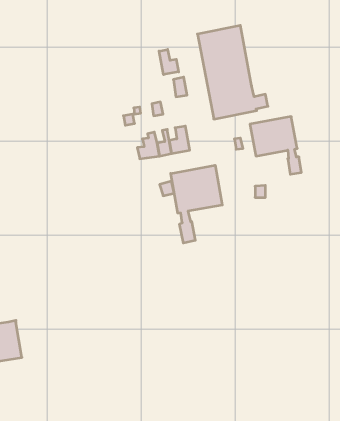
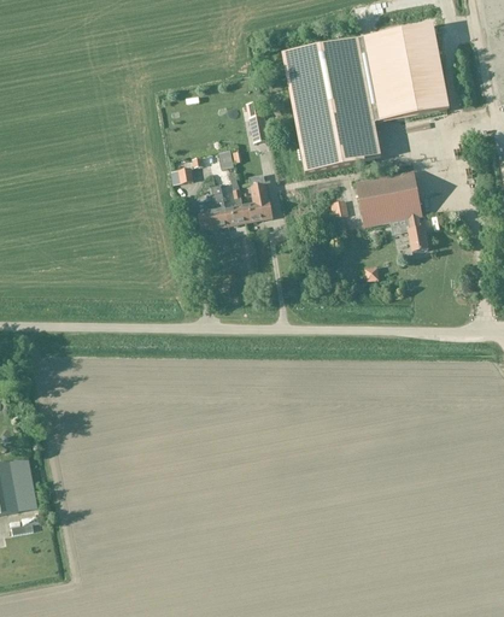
building: none -> [342,24,447,125]
building: [159,49,179,75] -> none
building: [171,165,222,243] -> none

